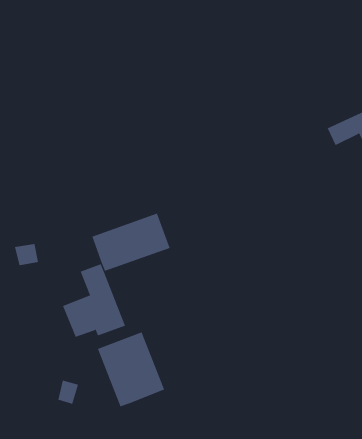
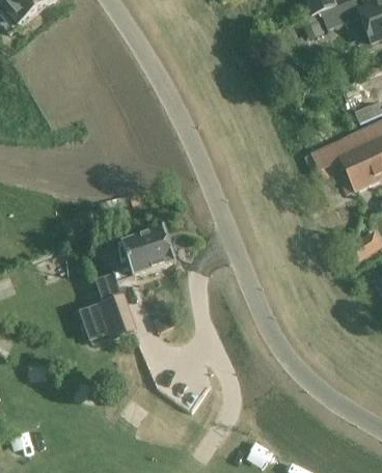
building: [97,331,165,407] -> none

